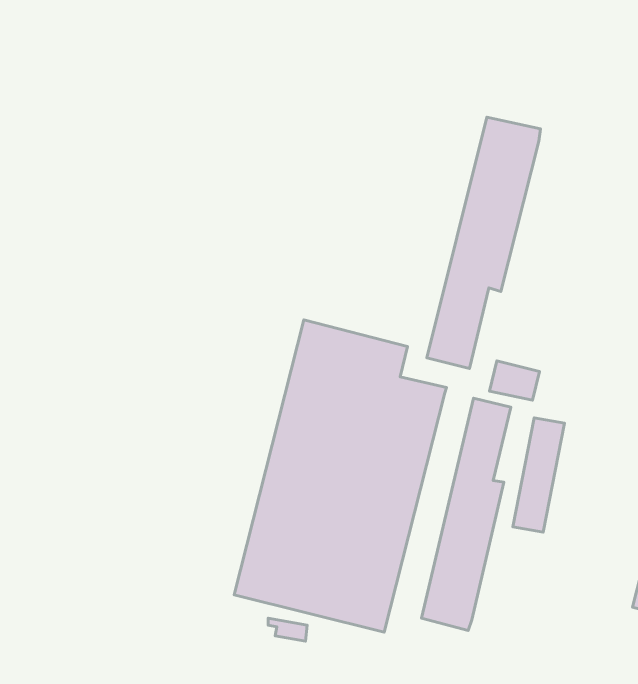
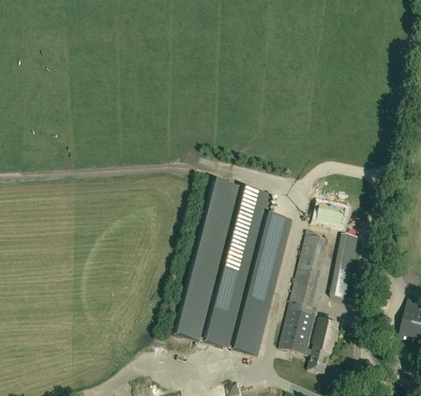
building: [427,117,541,368] -> none
building: none -> [305,315,341,372]

